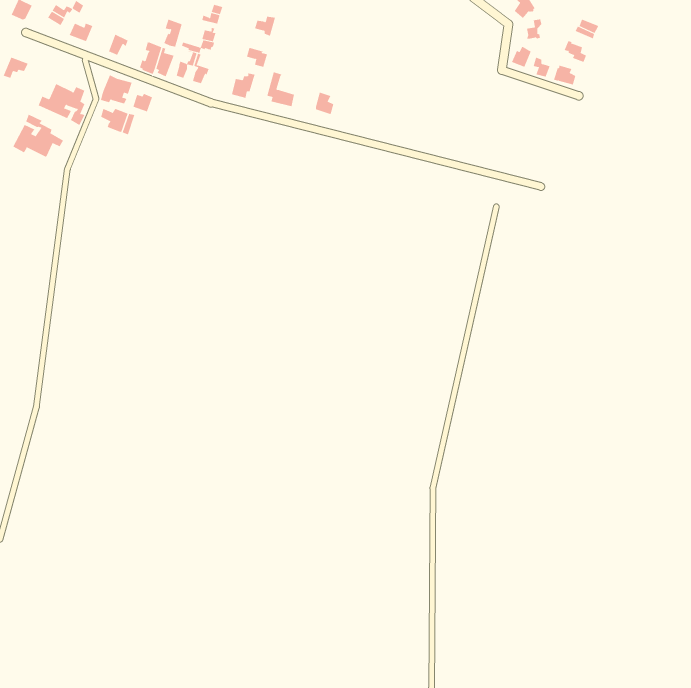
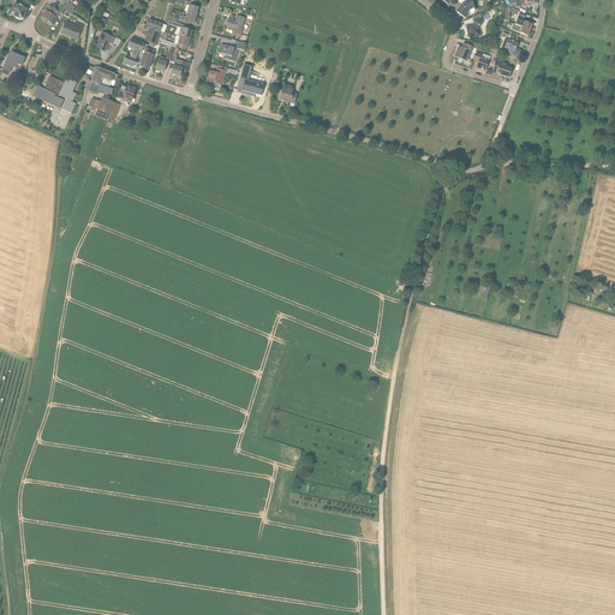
building: [12,114,64,158] -> none

